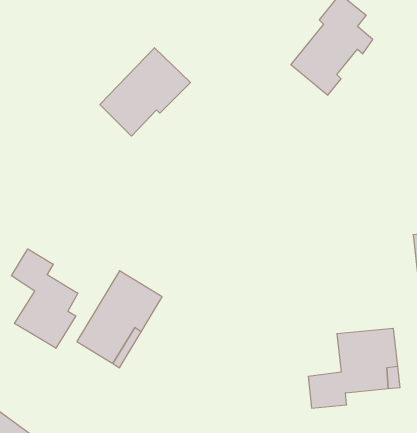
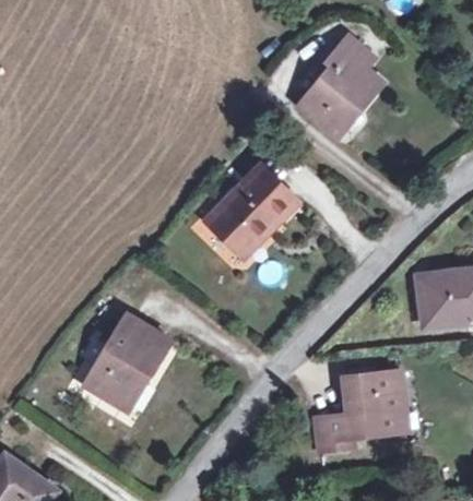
building: [100,48,190,136] -> [206,164,297,252]
building: [11,249,78,348] -> none

